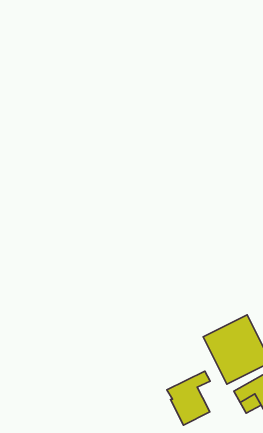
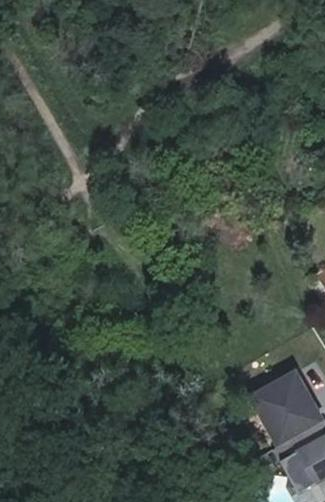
building: [167,371,210,425] -> none

